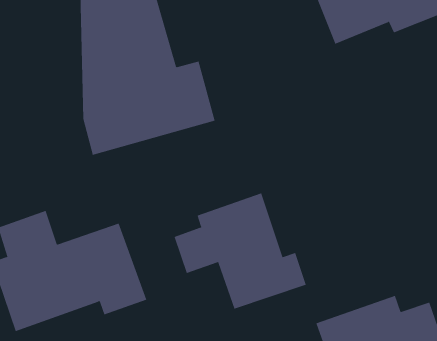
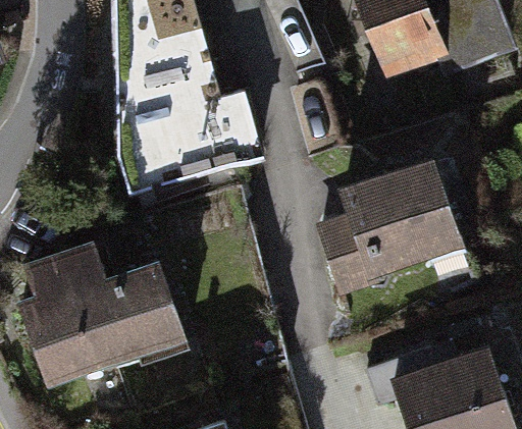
building: none -> [320,162,459,287]
building: [174,193,307,309] -> none

